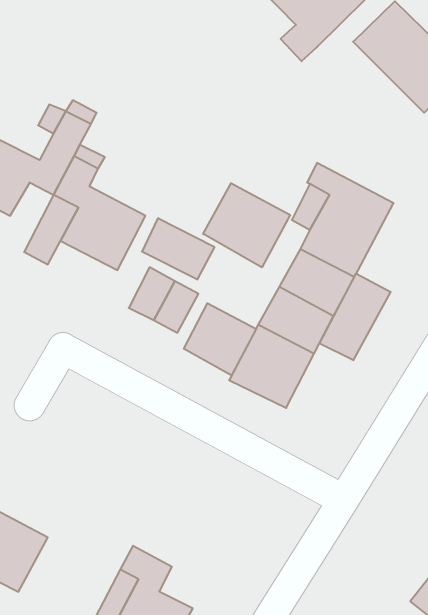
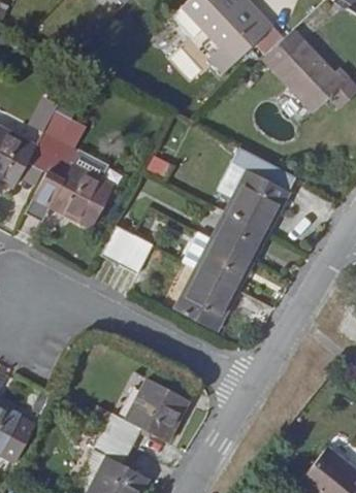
building: [203,183,290,267] -> none
building: [142,218,214,280] -> none
building: [320,274,391,360] -> none
building: [184,303,256,375] -> none
building: none -> [102,381,187,448]

